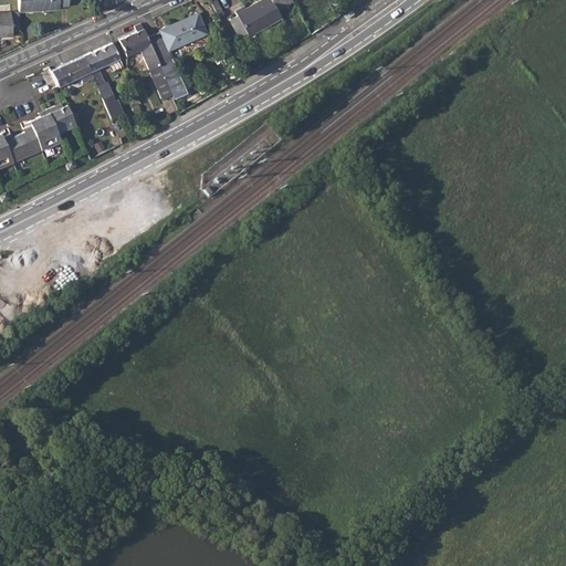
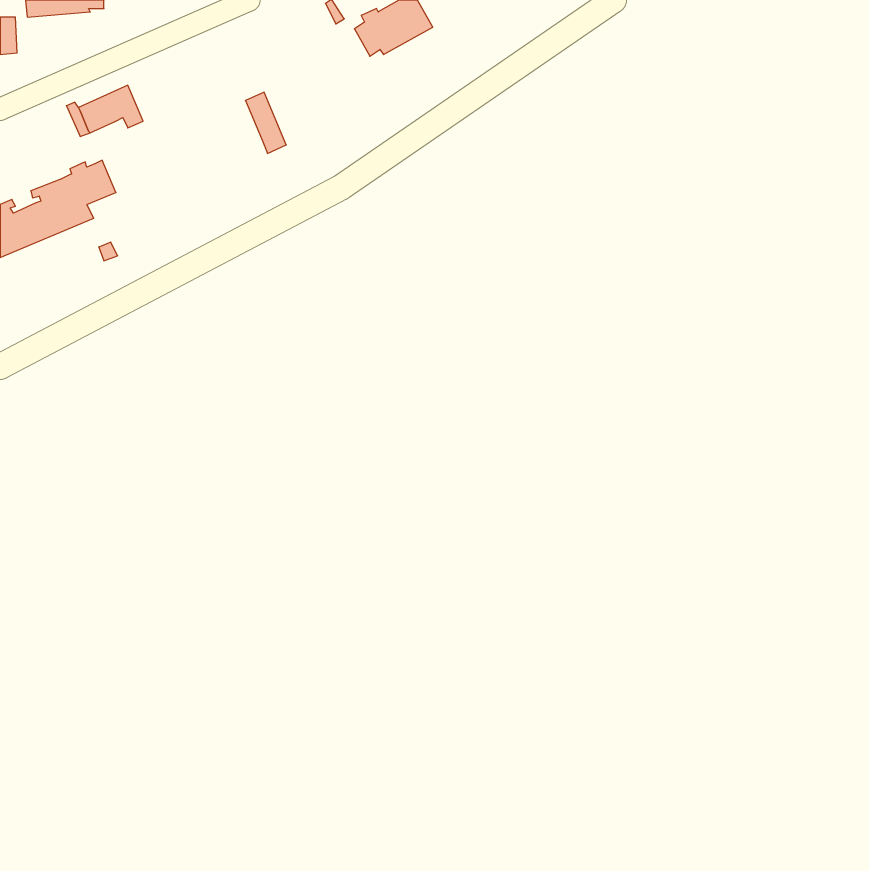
building: [160,12,205,50] -> none
building: [120,23,172,98] -> none
building: [84,42,125,120] -> none

